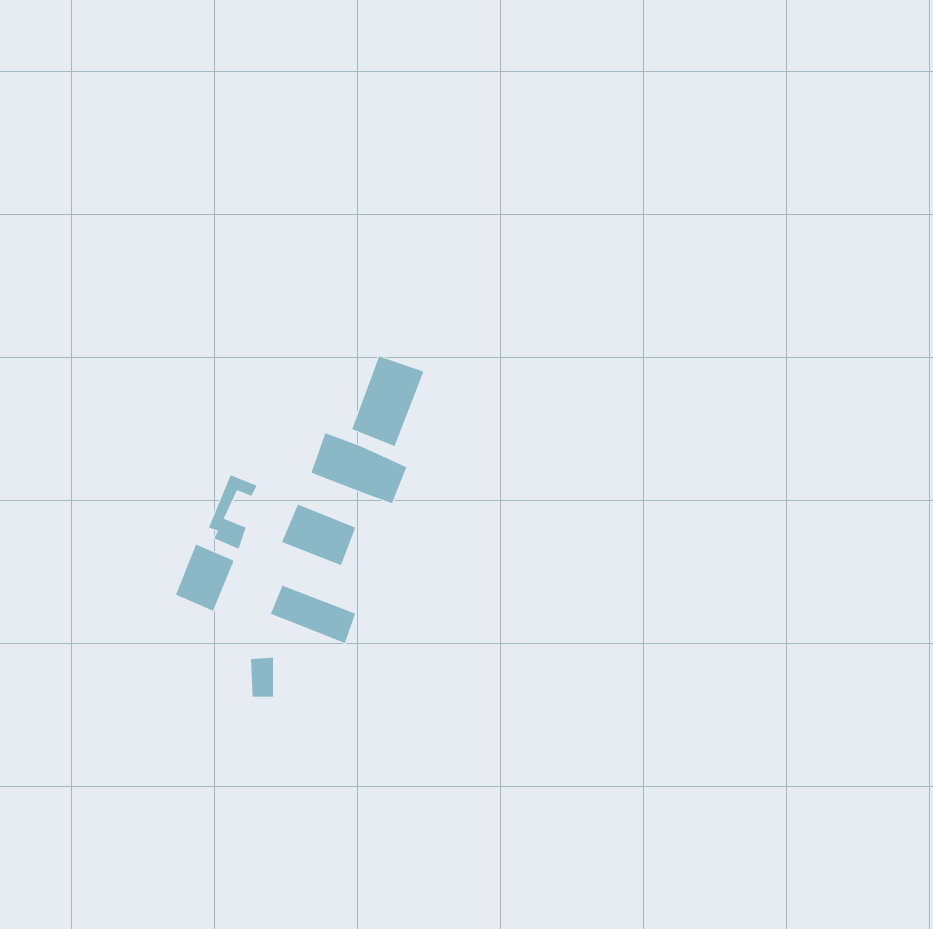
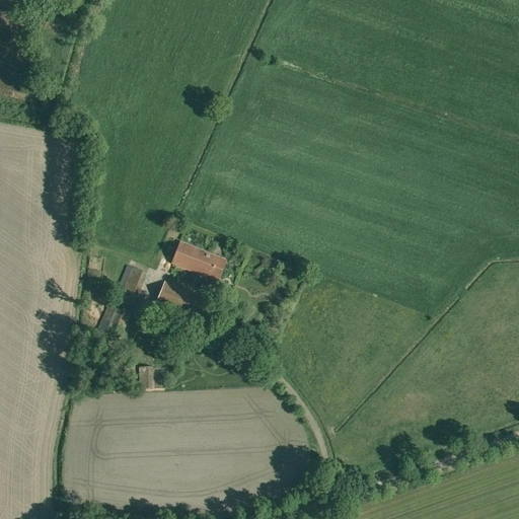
building: [351,356,424,447] -> none
building: [270,585,356,644] -> none

